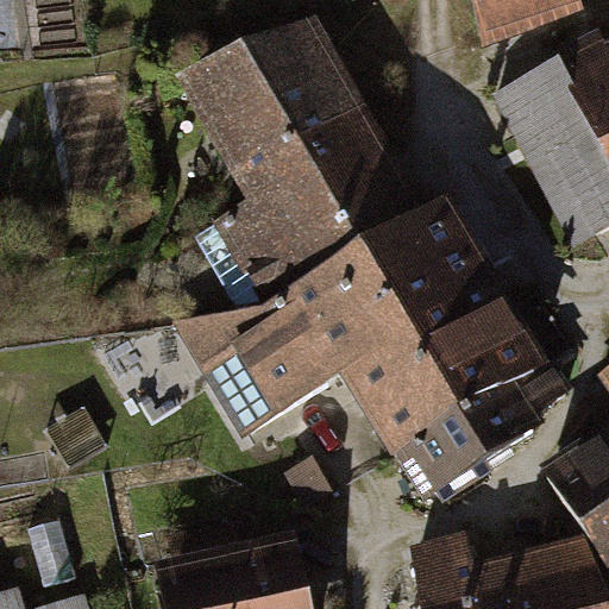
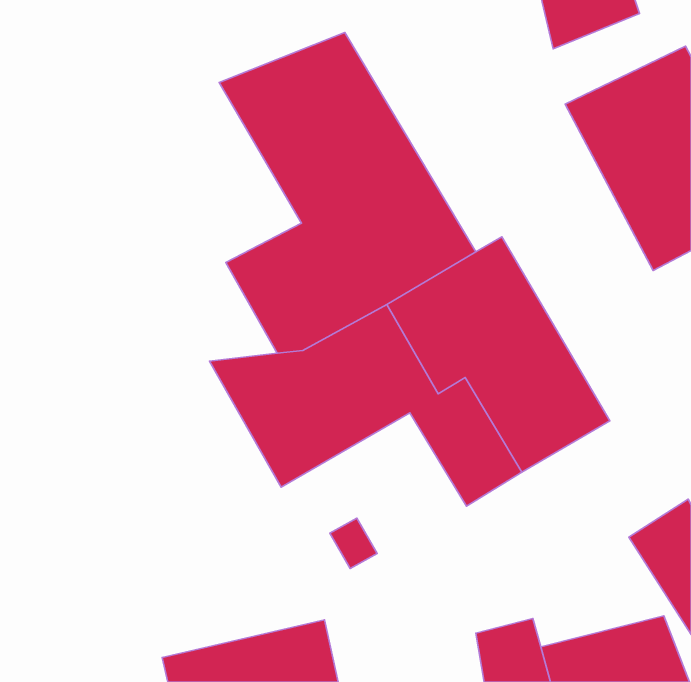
building: [410,362,567,495] -> none

